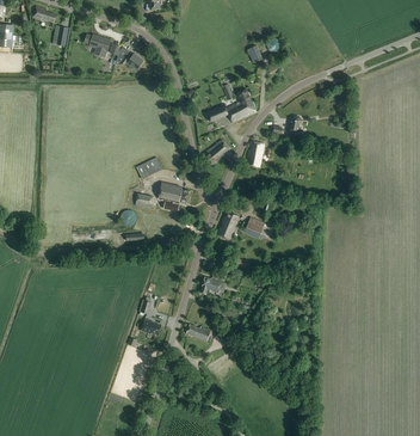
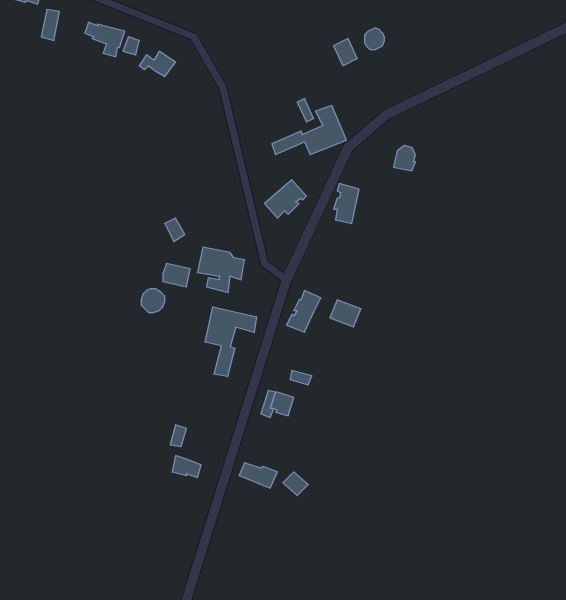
building: none -> [205,307,256,377]

